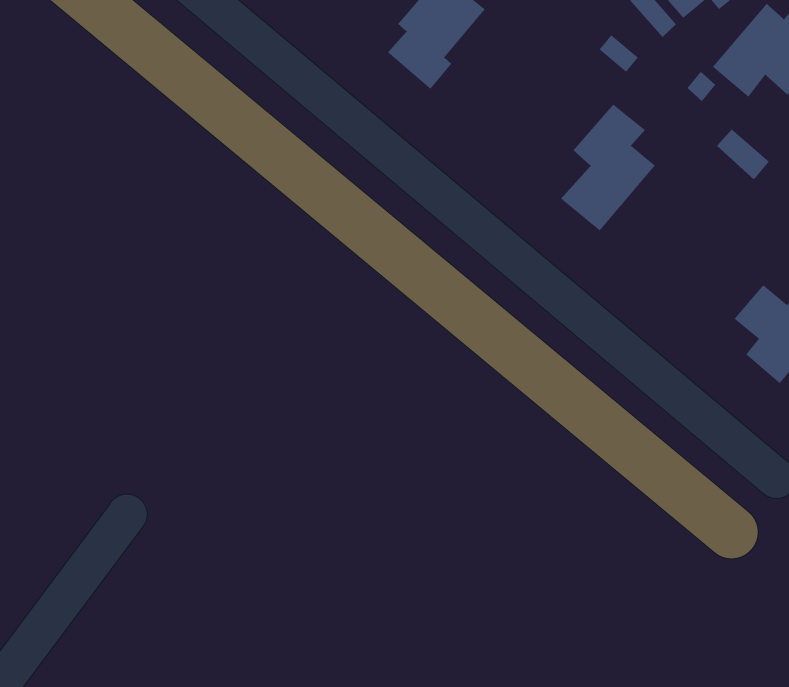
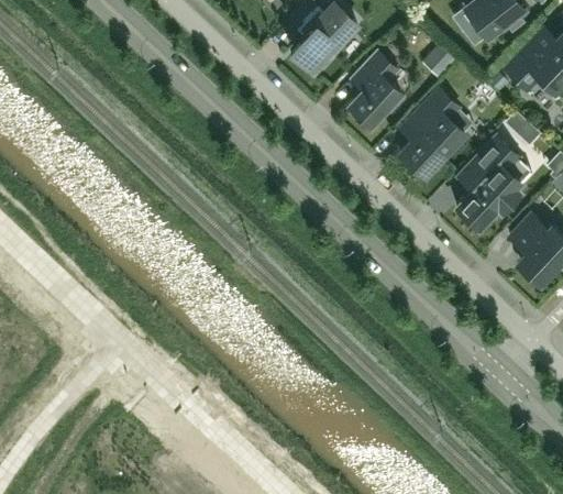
building: none -> [349,53,404,127]
building: none -> [456,139,522,228]

